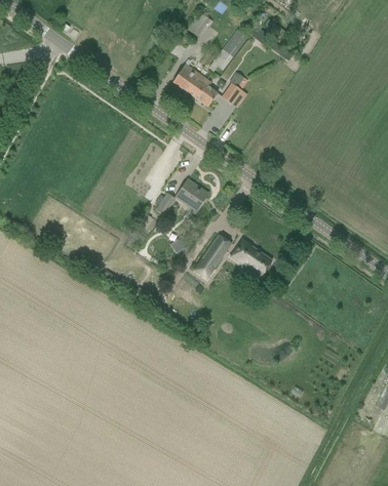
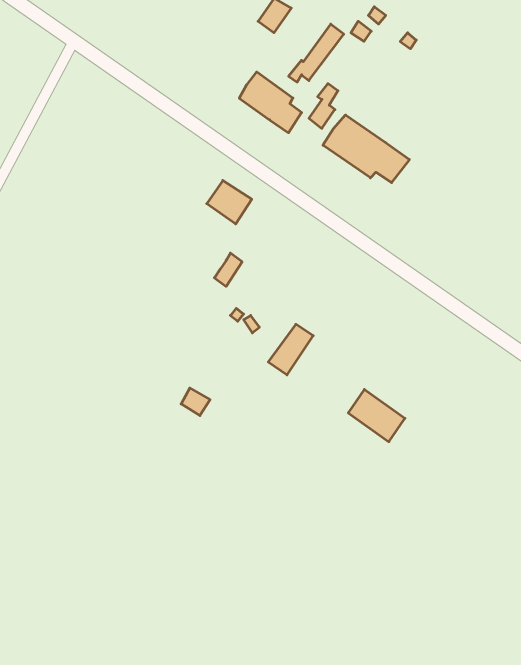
building: none -> [323,115,409,183]
building: [176,179,207,210] -> [207,180,252,224]
building: [231,239,271,276] -> [348,389,405,442]

